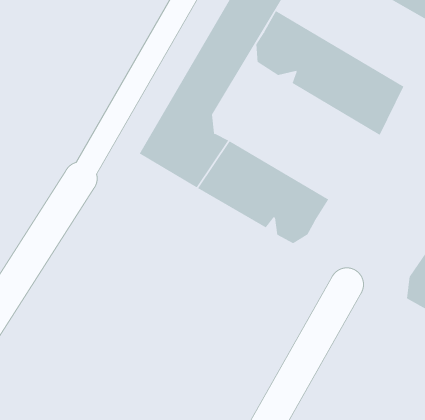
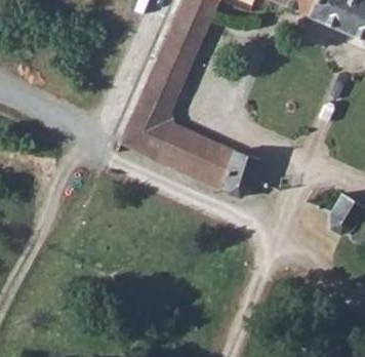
building: [256,10,404,136] -> none

